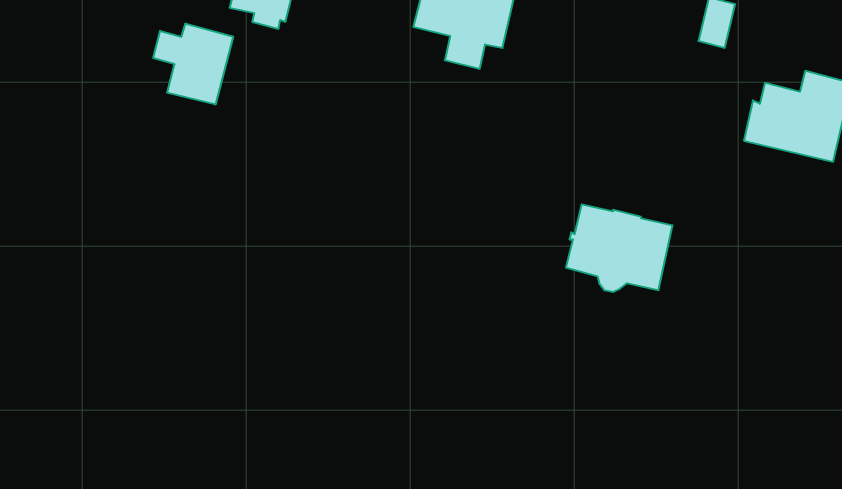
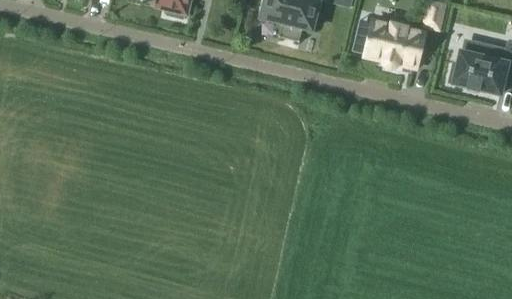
building: [153,23,233,105] -> none
building: [566,204,673,292] -> [364,19,425,69]

